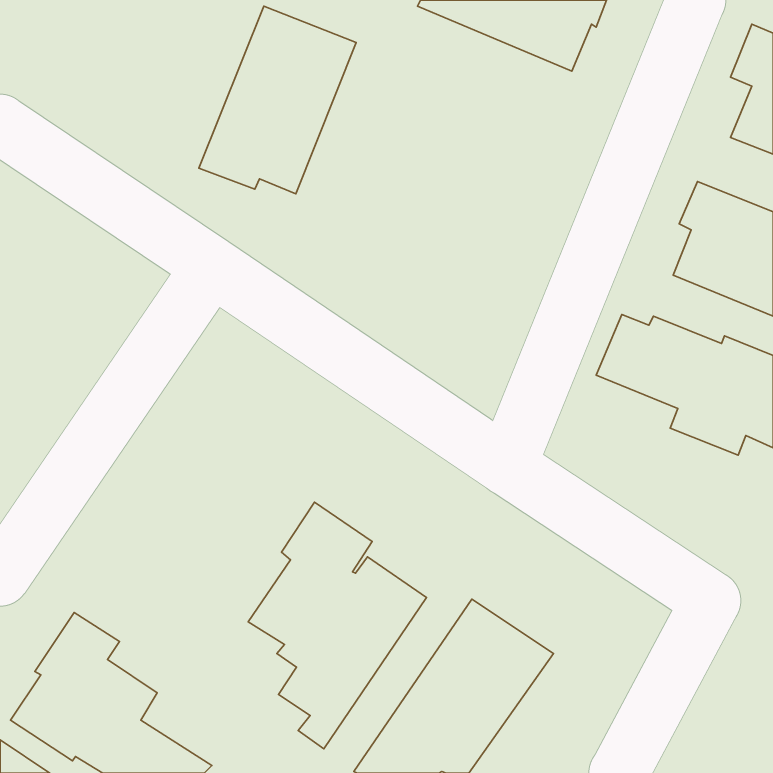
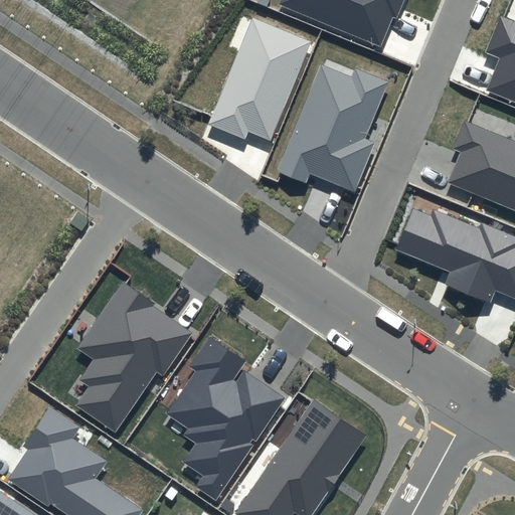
building: [199,6,356,194] -> [207,17,312,142]
building: none -> [277,64,388,191]
building: none -> [75,281,192,433]

